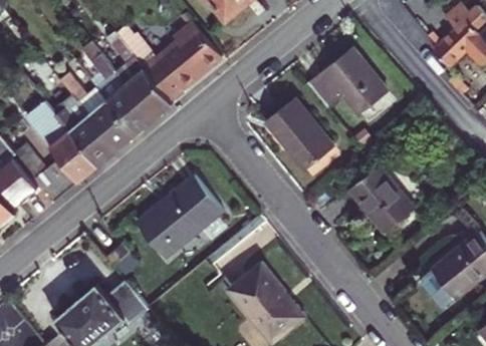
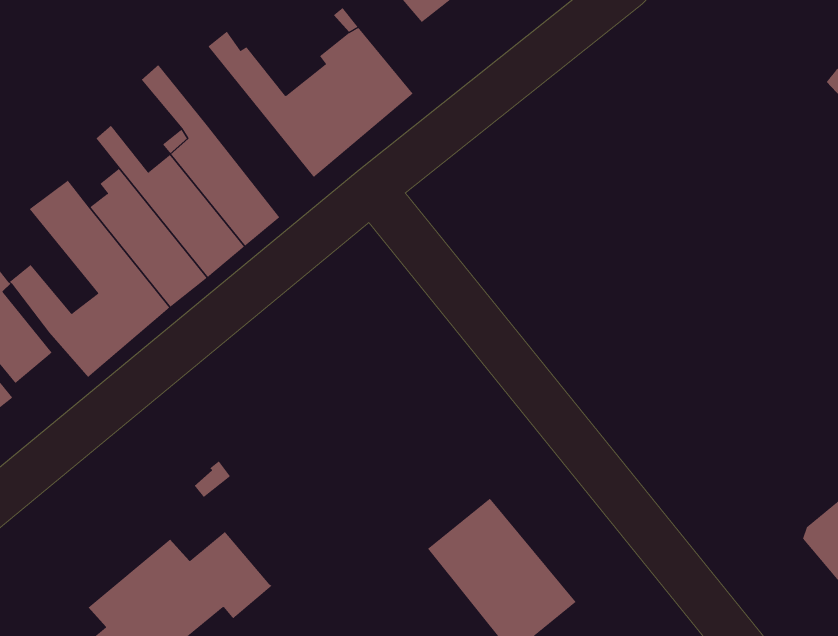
building: [107,30,174,119] -> none
building: [308,47,388,114] -> none
building: [266,97,334,169] -> none
building: [349,164,415,233] -> none
building: [137,175,224,258] -> none

